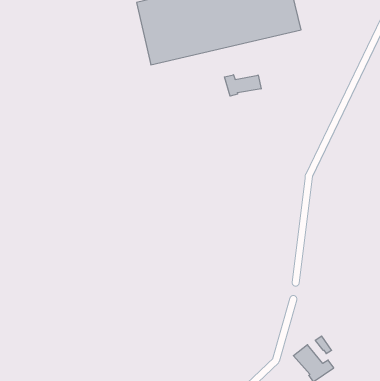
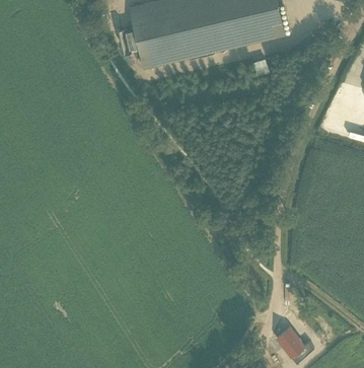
building: [224,75,261,96] -> none

